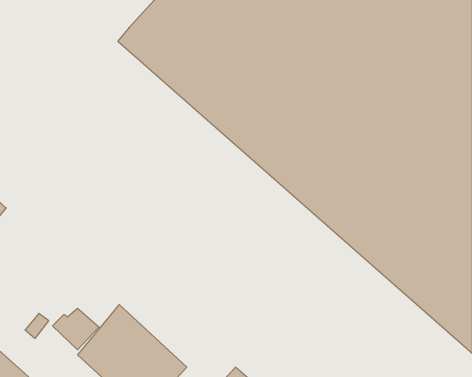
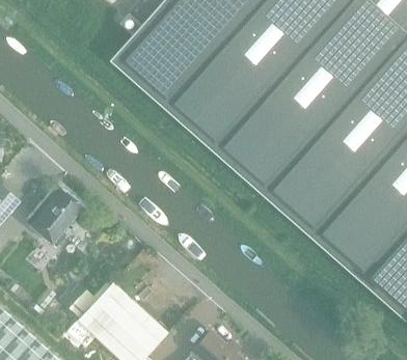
building: none -> [26,185,87,248]

